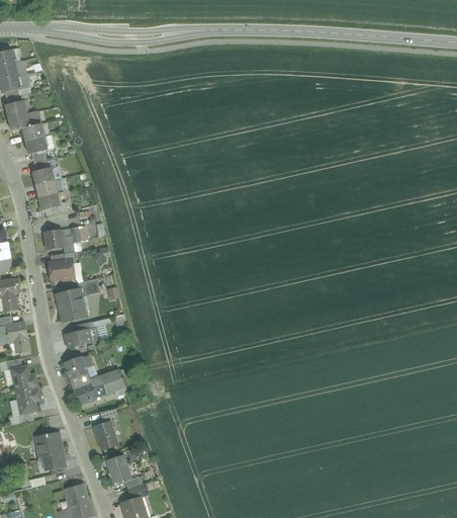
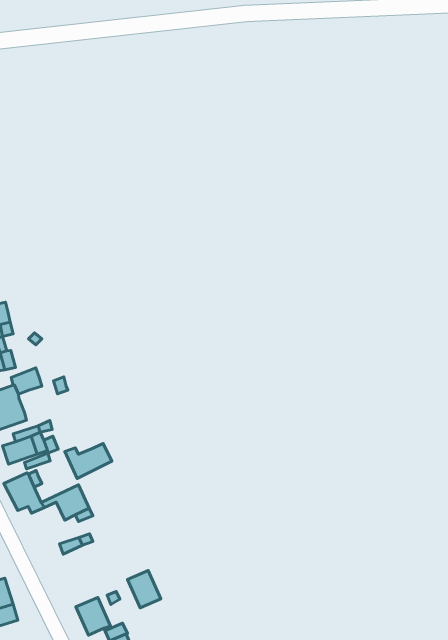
building: [71,380,105,405] -> [65,443,112,479]
building: [94,422,117,449] -> [128,571,161,608]

